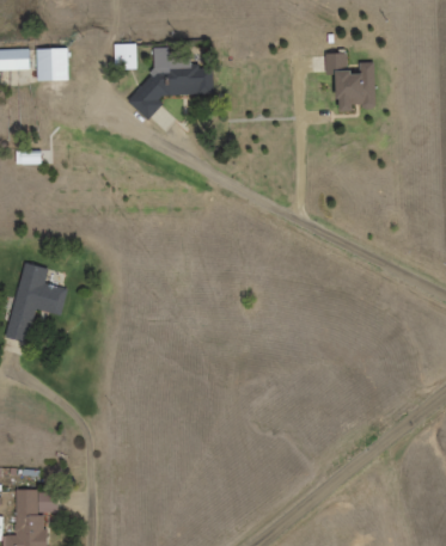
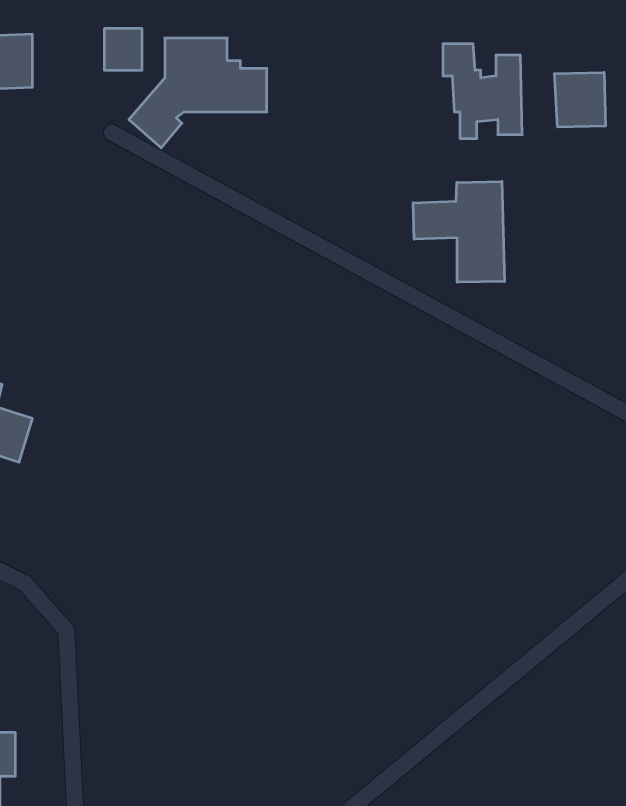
building: none -> [554,72,605,127]
building: none -> [413,181,504,282]

